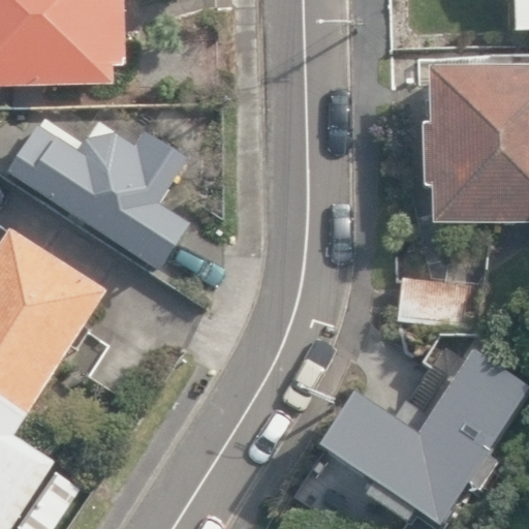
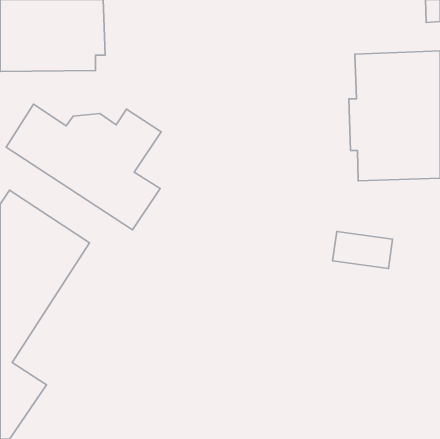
building: [315,344,523,517] -> none

